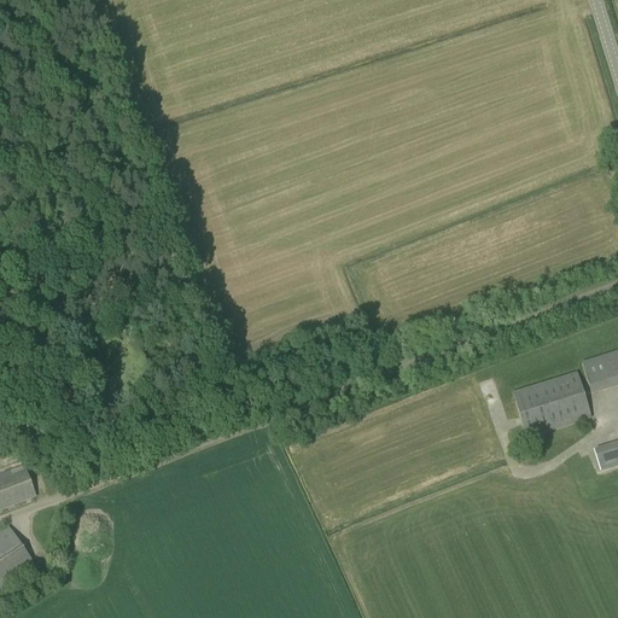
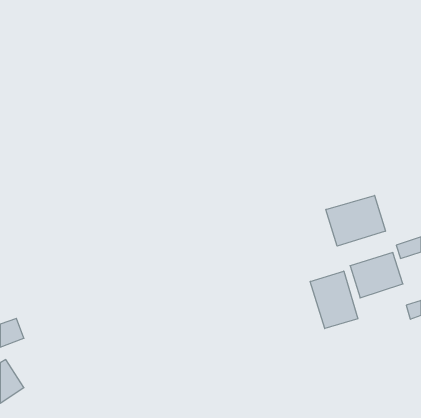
building: none -> [326,195,385,246]
building: none -> [310,271,358,329]

